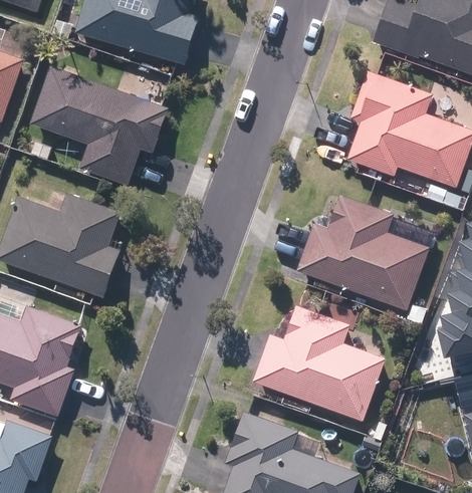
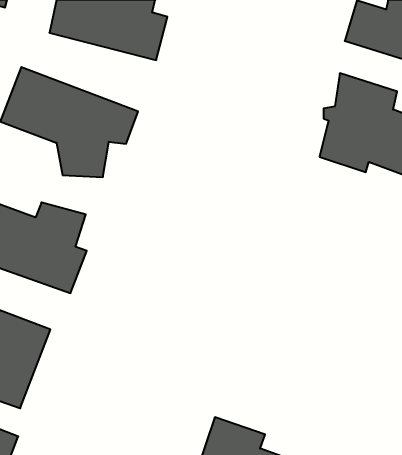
building: [300,197,421,305] -> none
building: [254,311,385,416] -> none

